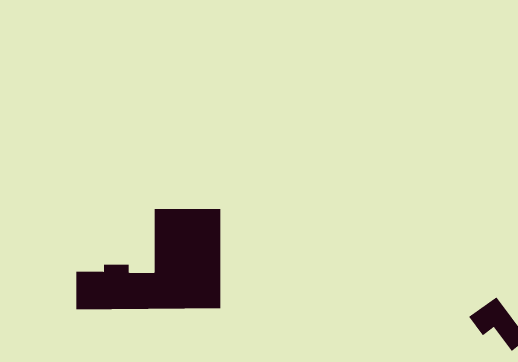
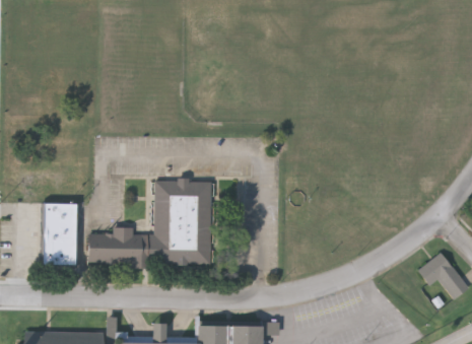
building: none -> [41,203,76,266]

